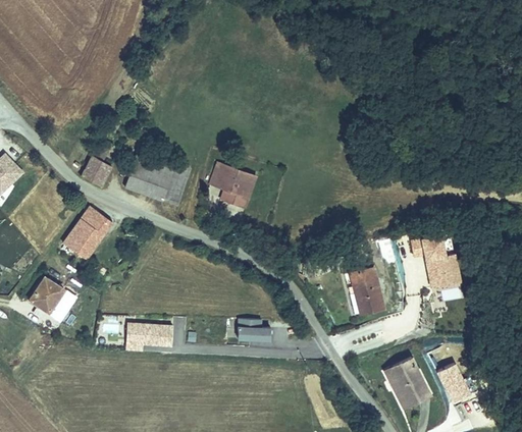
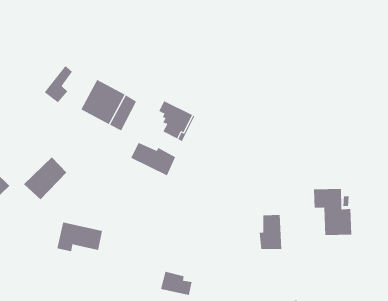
building: [62,207,110,259] -> [23,157,67,200]
building: none -> [131,142,176,176]
building: [237,317,272,340] -> [160,271,193,296]

